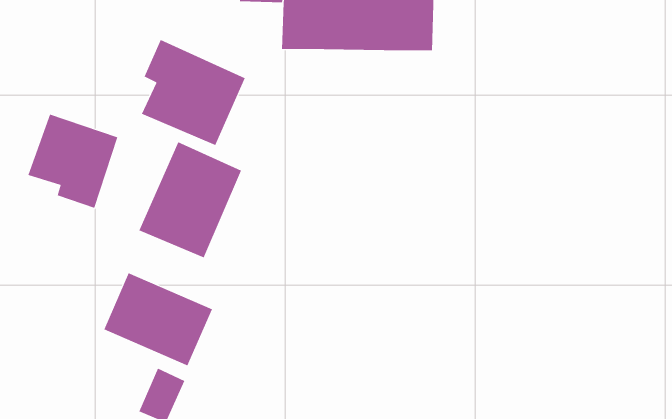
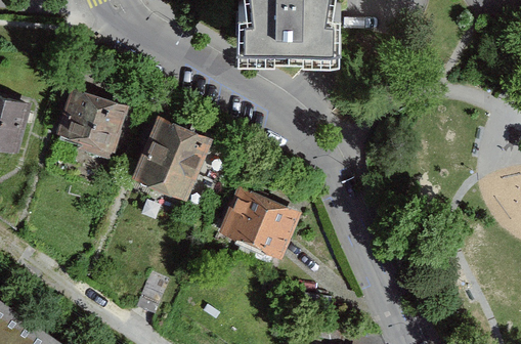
building: [141,39,246,146] -> none
building: [103,273,213,366] -> [221,190,298,256]

